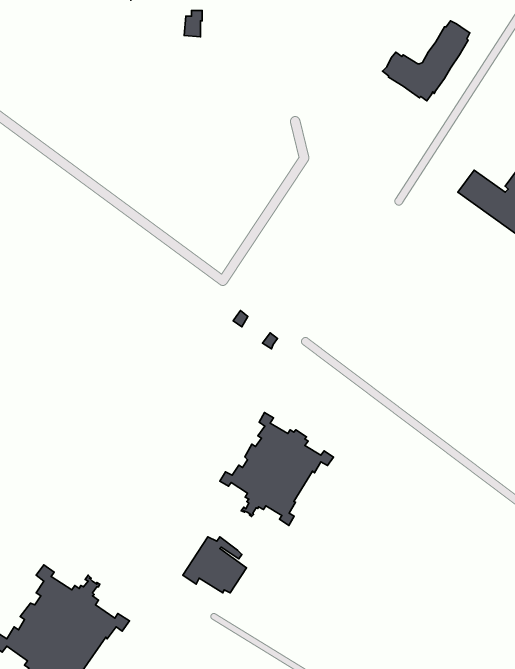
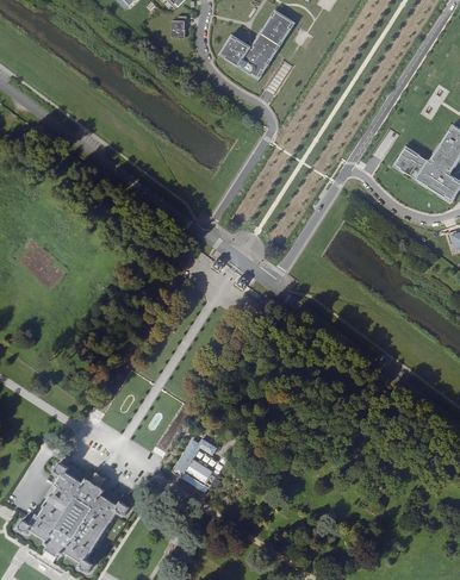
building: [382,21,470,101] -> [223,13,293,77]
building: [220,413,333,526] -> none

